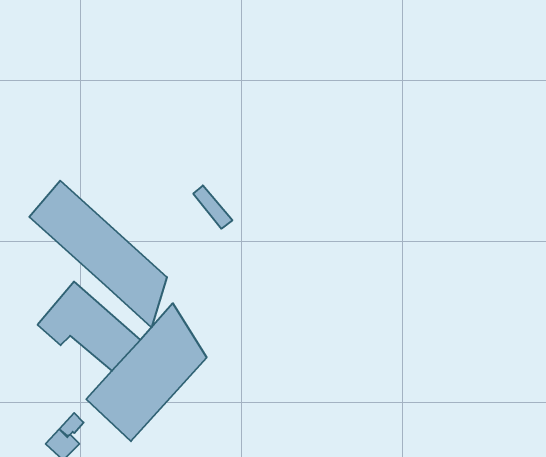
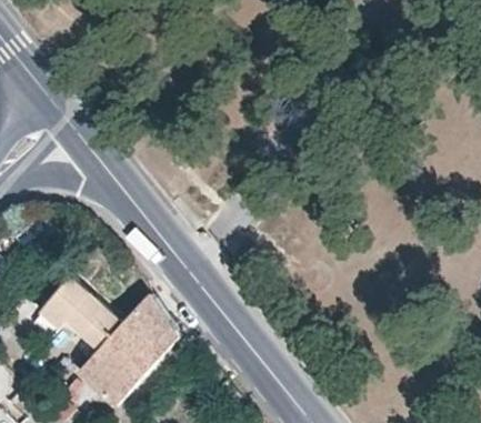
building: [29,181,167,327] -> none

